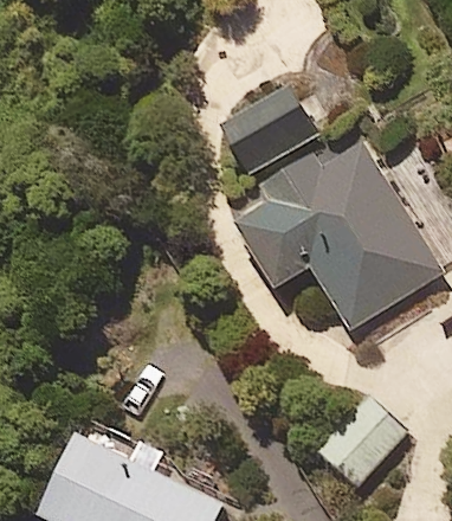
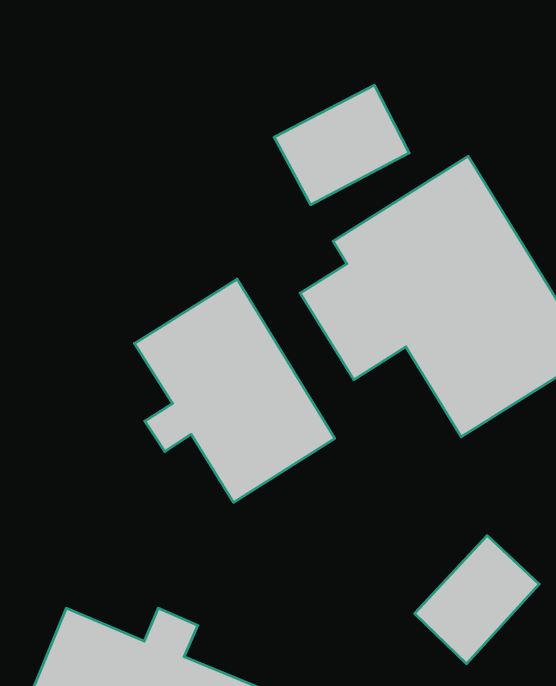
building: none -> [134,279,335,502]

